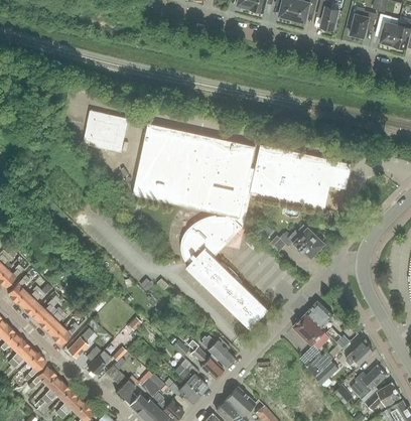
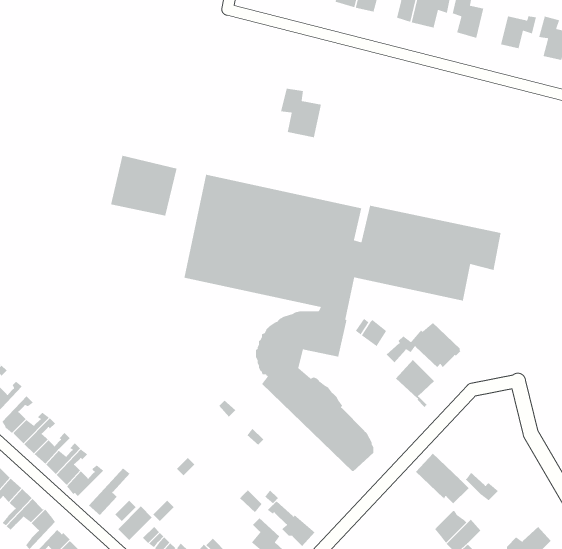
building: none -> [280,88,322,138]
building: [305,300,332,333] -> [395,359,435,408]
building: [200,335,235,367] -> none
building: [346,338,374,368] -> none

